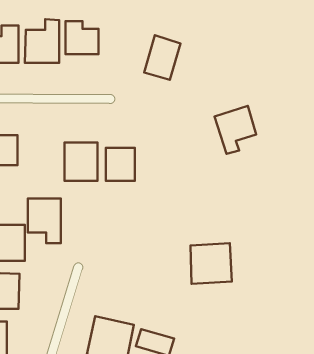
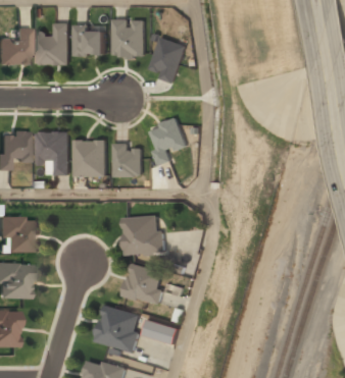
building: none -> [115,19,146,56]
building: [215,106,256,154] -> [149,118,189,164]
building: [28,198,61,243] -> [39,131,70,174]
building: [190,243,232,284] -> [126,216,165,255]
building: none -> [125,263,167,306]

